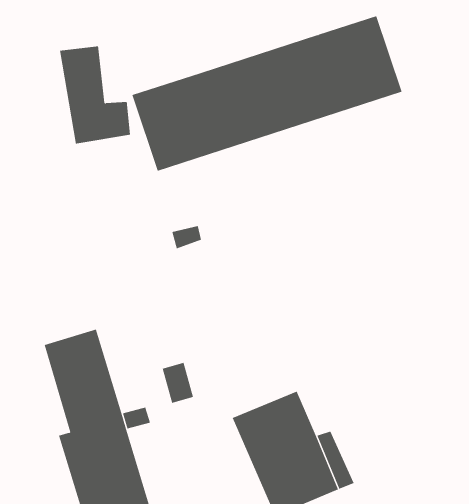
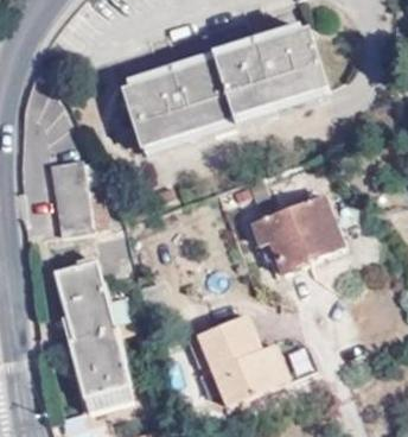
building: [59,46,131,144] -> [50,162,103,235]
building: none -> [248,195,343,276]

